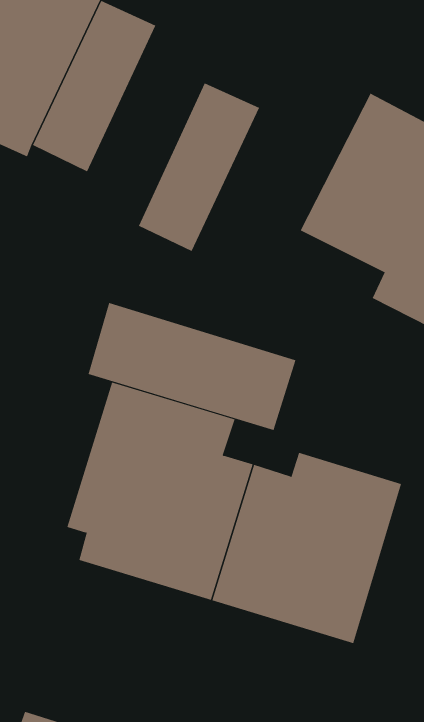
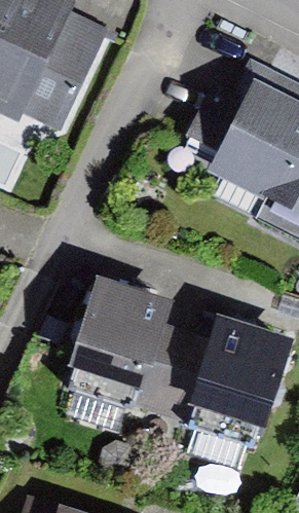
building: [138,83,260,252] -> none
building: [88,302,296,431] -> none

